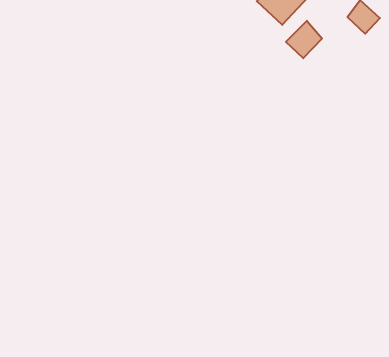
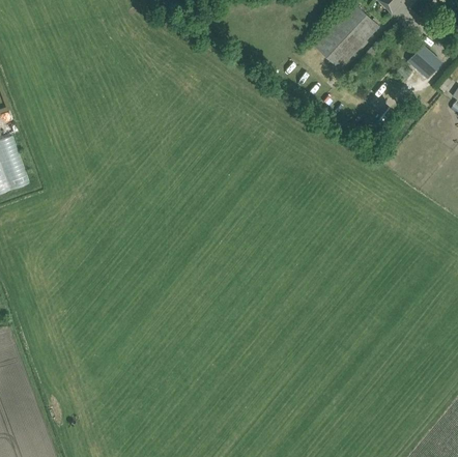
building: [286,21,322,58] -> none

